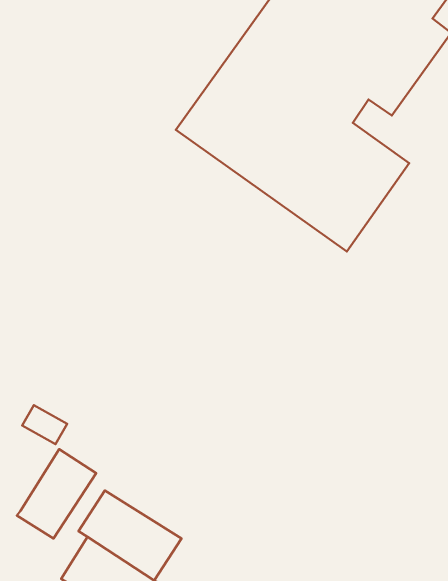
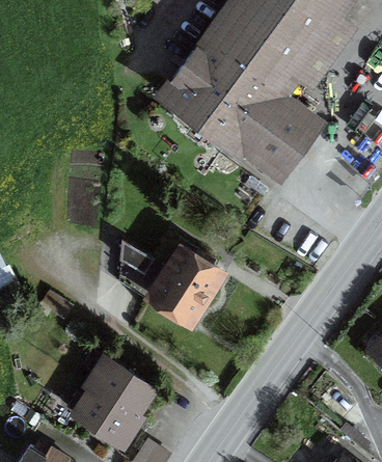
building: none -> [133,244,226,330]
building: [17,449,96,539] -> none

